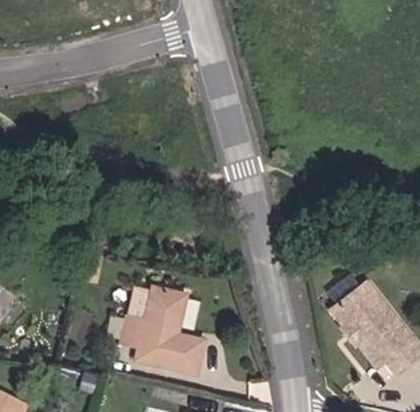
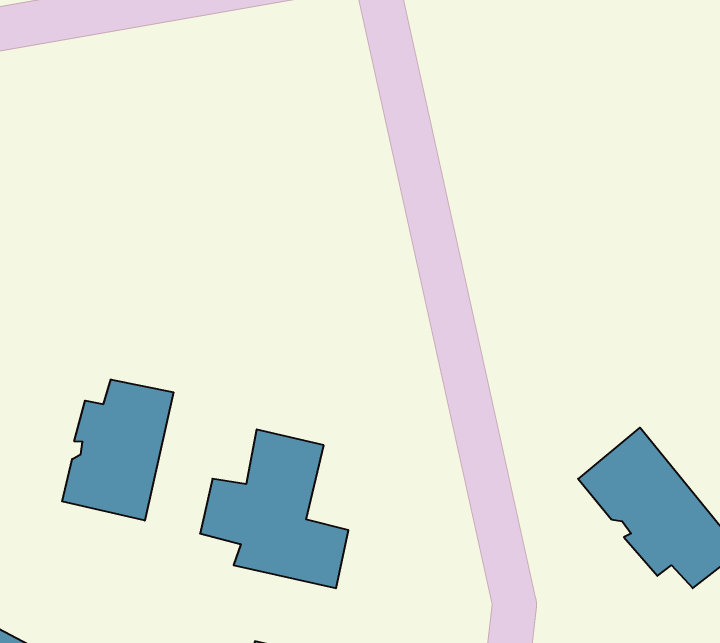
building: none -> [62,379,173,521]

